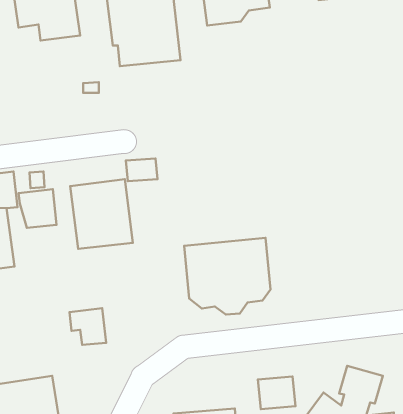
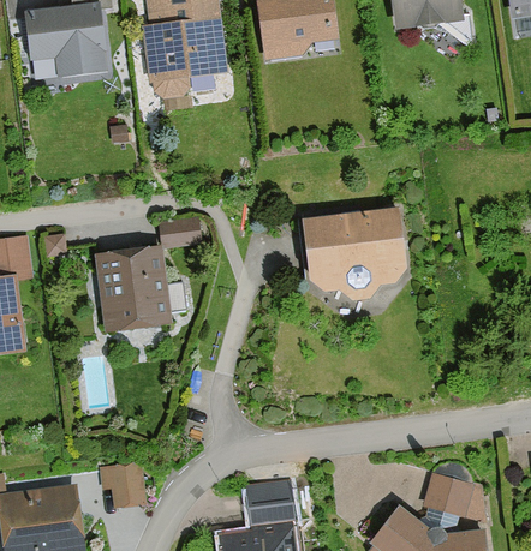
building: [18,189,57,228] -> none
building: [184,238,270,314] -> [304,208,408,300]
building: [69,308,106,345] -> [96,461,141,505]
building: [258,376,295,409] -> [245,479,291,519]

